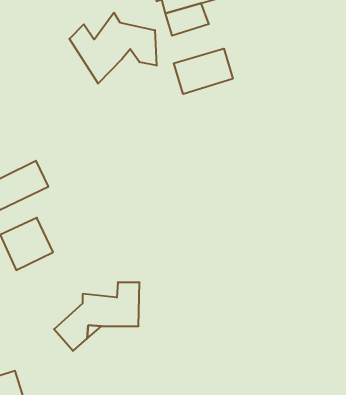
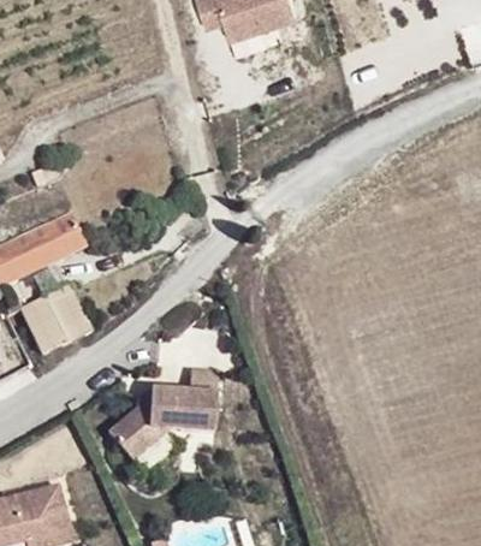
building: [69,13,157,84] -> none
building: [174,49,233,94] -> none

